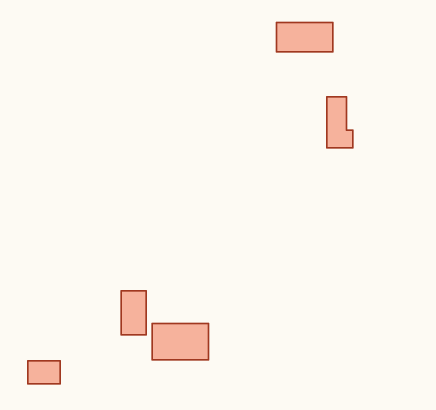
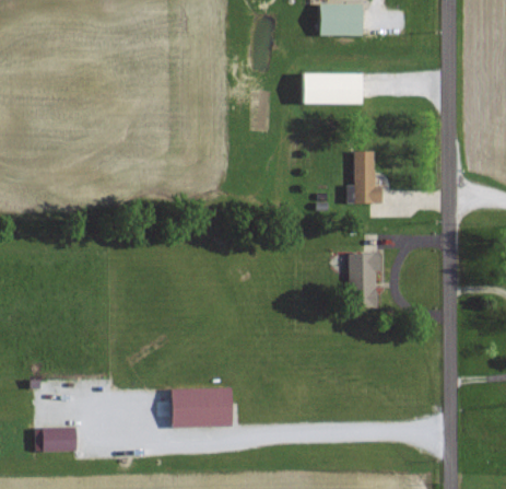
building: none -> [349,252,378,306]
building: [121,291,146,335] -> none

